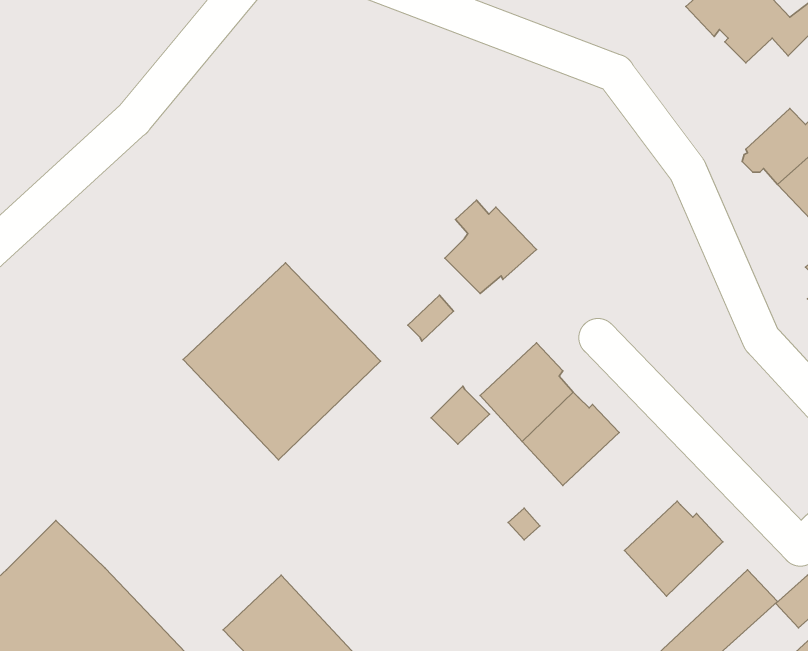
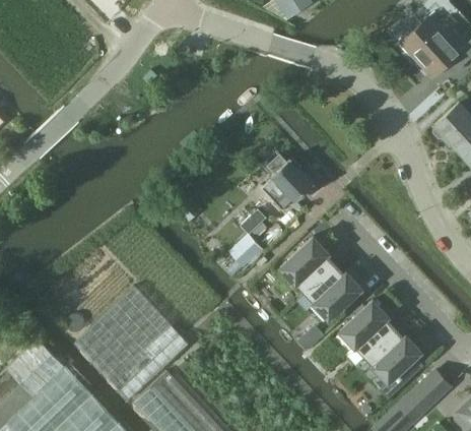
building: [183,263,380,460] -> [75,287,189,401]
building: [431,386,489,444] -> [228,234,262,267]
building: none -> [340,301,395,357]

